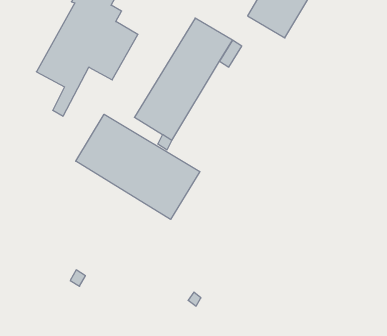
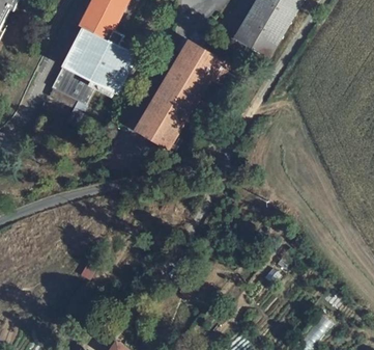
building: [76,114,200,219] -> none

